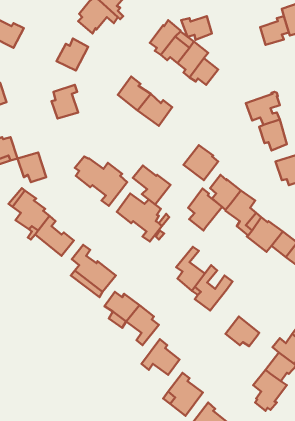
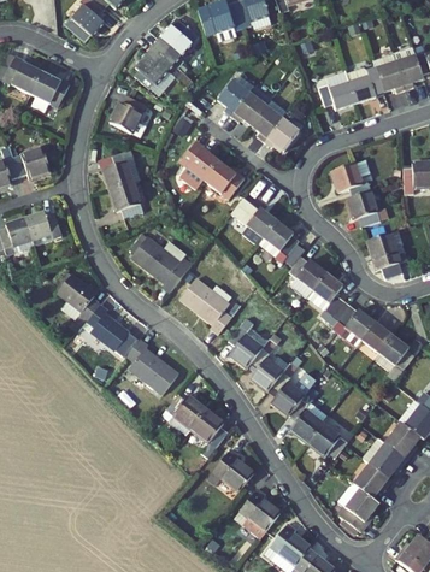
building: [181,16,212,40] -> [318,82,354,110]
building: [18,152,46,182] -> [110,182,143,217]
building: [133,166,171,204] -> [231,197,276,243]
building: [188,188,222,231] -> [229,318,269,367]
building: none -> [289,390,329,442]

